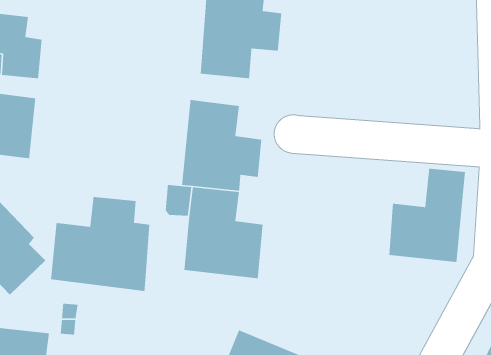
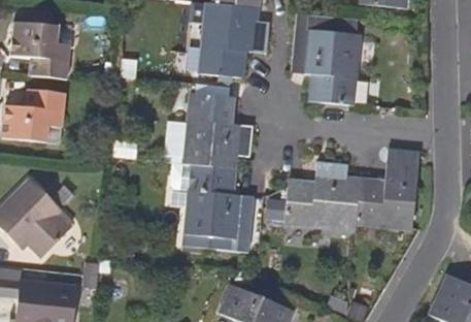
building: none -> [292,28,359,105]
building: none -> [284,161,359,228]
building: [50,196,150,292] -> none

